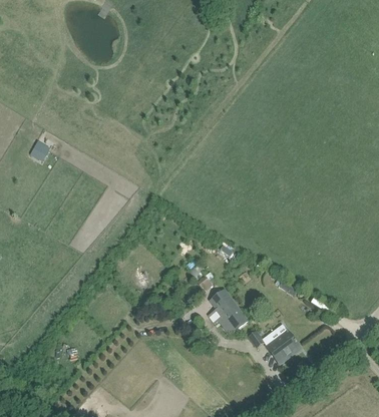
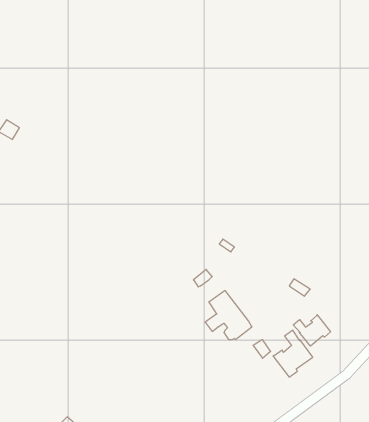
building: none -> [293,315,330,346]

